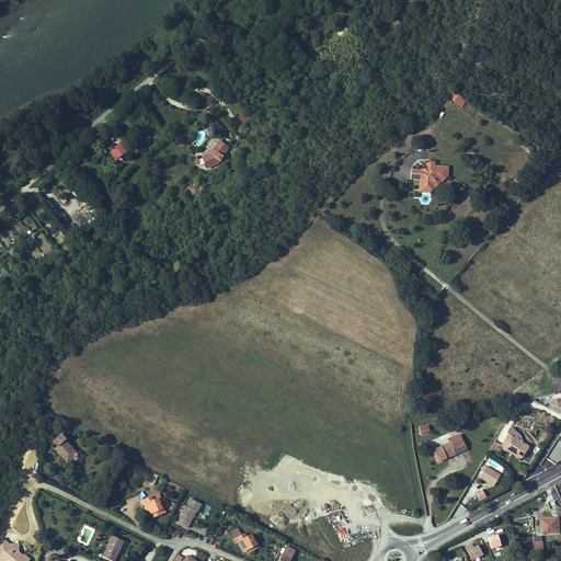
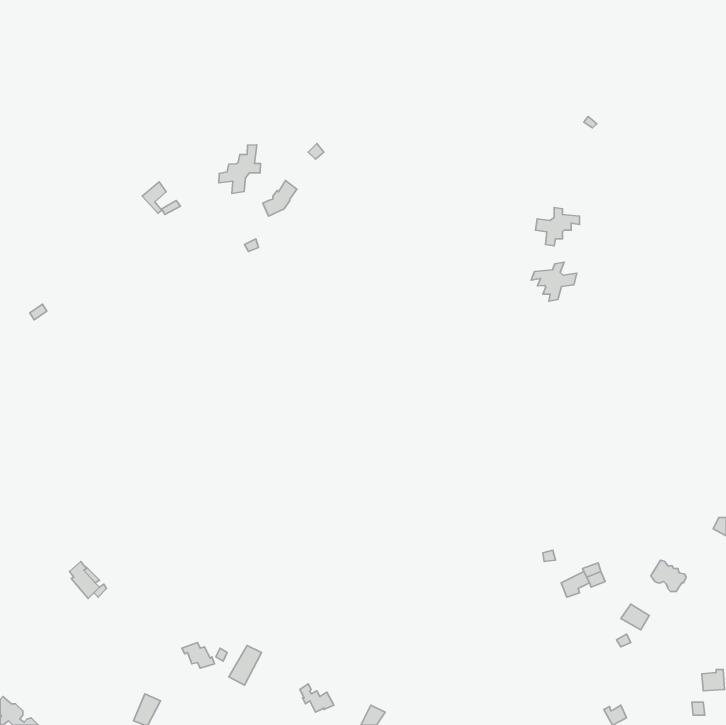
building: none -> [219,145,261,193]
building: none -> [531,262,577,301]

